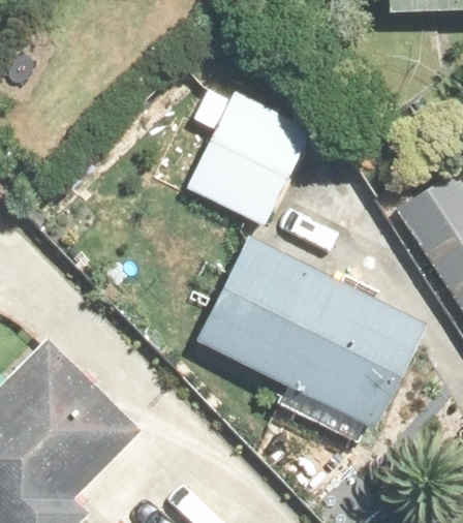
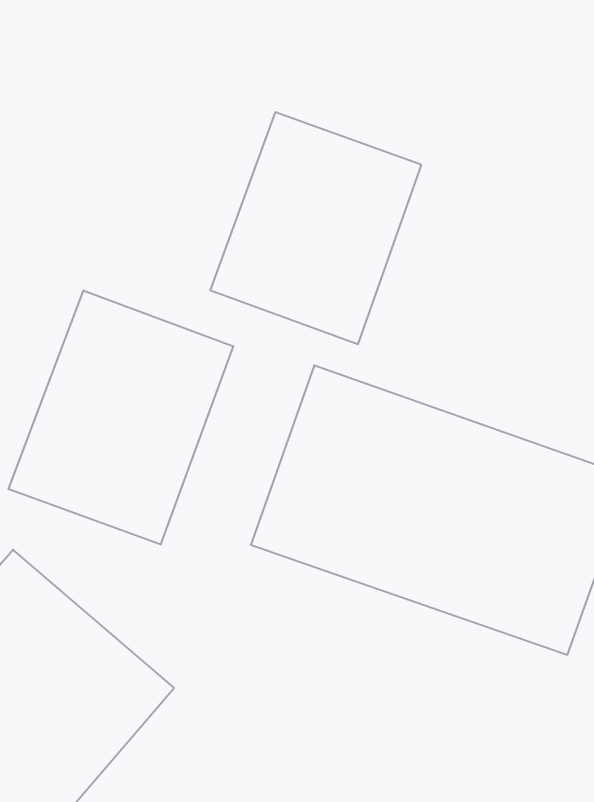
building: none -> [8,290,233,545]

